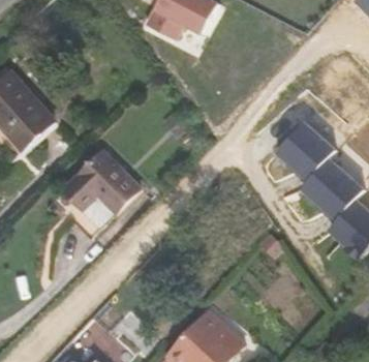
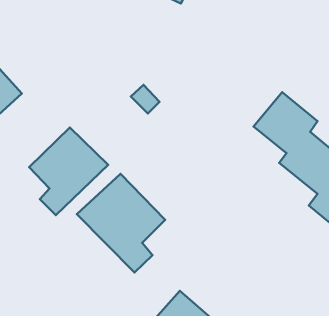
building: none -> [77,174,165,273]

